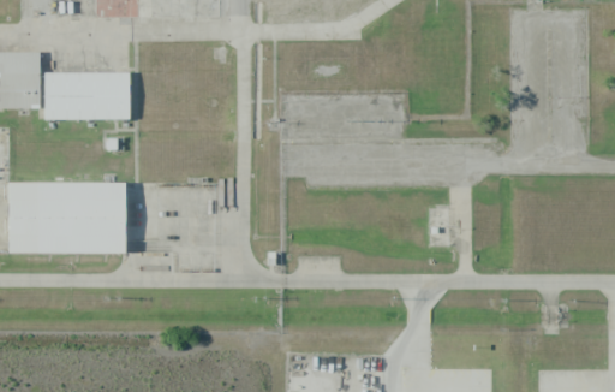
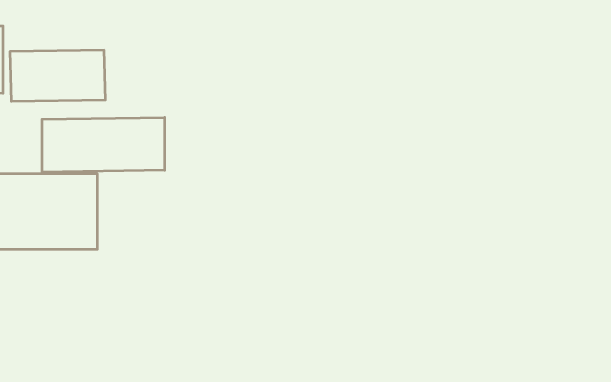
building: none -> [42,117,165,172]

